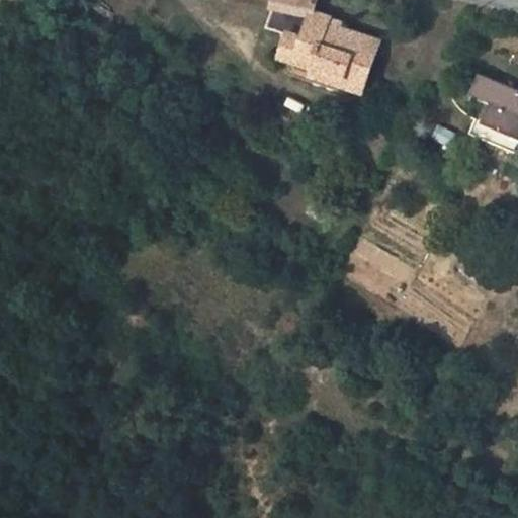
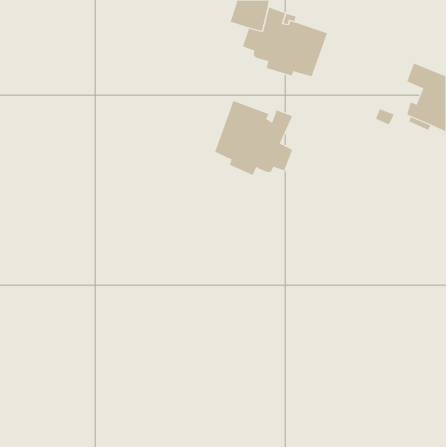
building: none -> [214,100,293,176]

